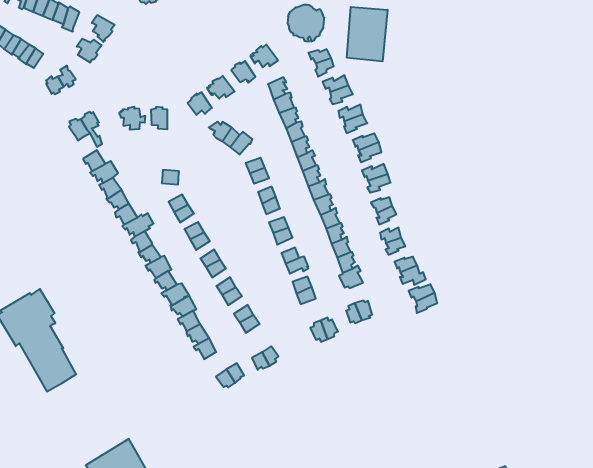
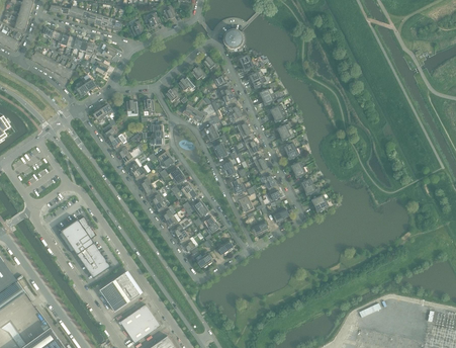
building: [347,7,388,61] -> none
building: none -> [99,270,143,313]

